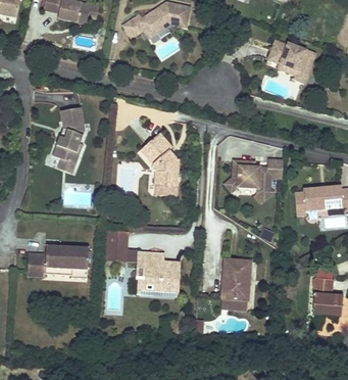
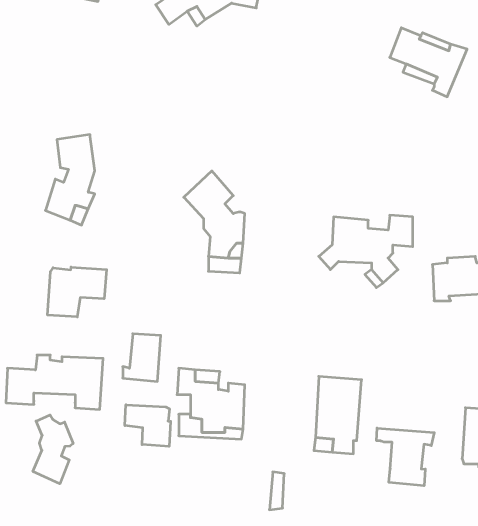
building: none -> [48,267,107,317]
building: none -> [125,405,171,446]
building: none -> [33,415,73,484]
building: none -> [377,428,434,486]

